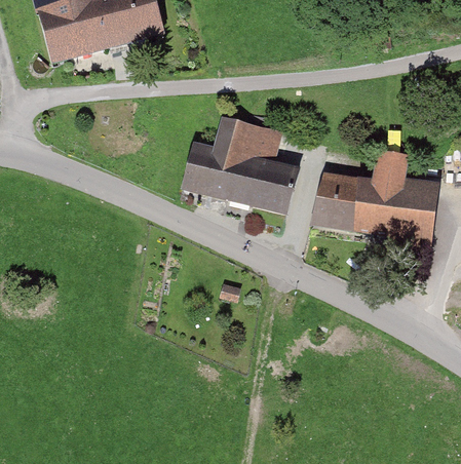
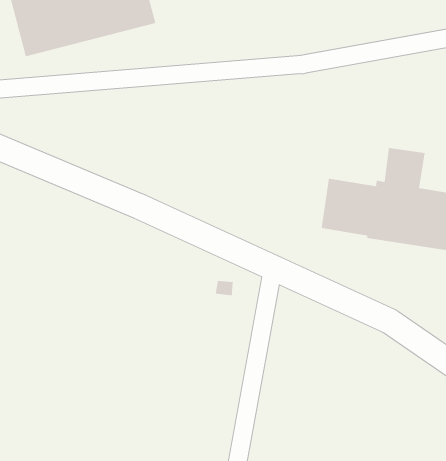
building: [177,114,302,214] -> none

